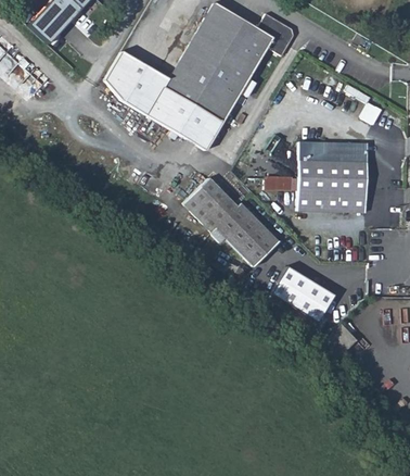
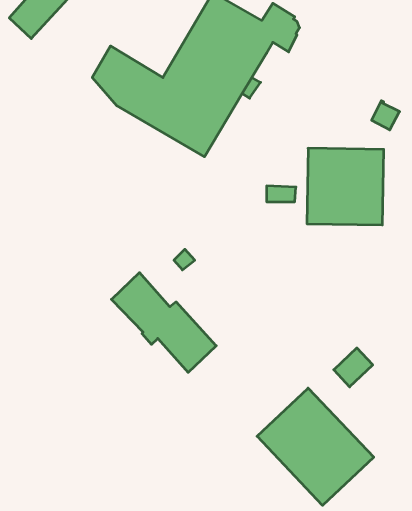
building: [183,176,277,265] -> [111,273,216,372]
building: [276,267,339,323] -> none
building: none -> [257,388,374,505]

